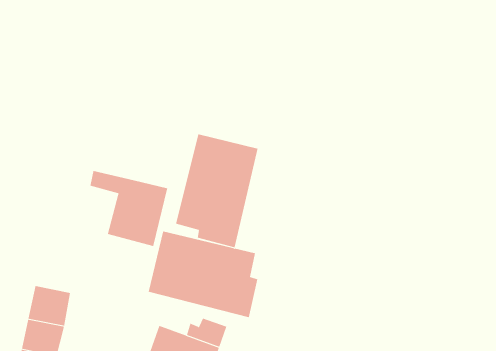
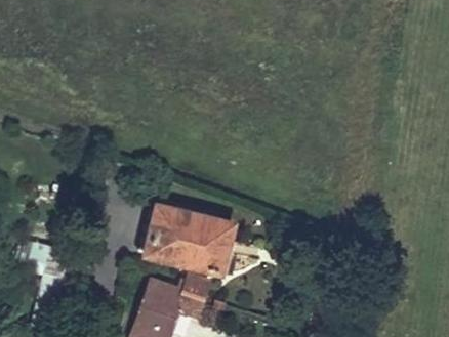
building: [176,134,258,248] -> none
building: [90,170,168,247] -> none

